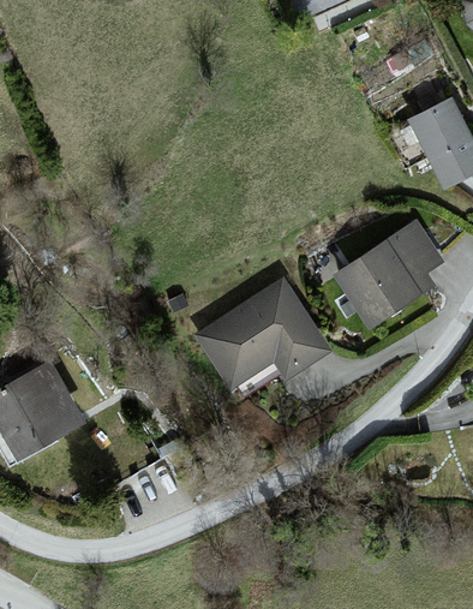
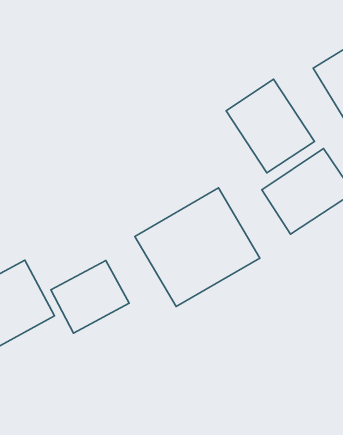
building: none -> [226,79,314,173]
building: none -> [51,261,129,333]

